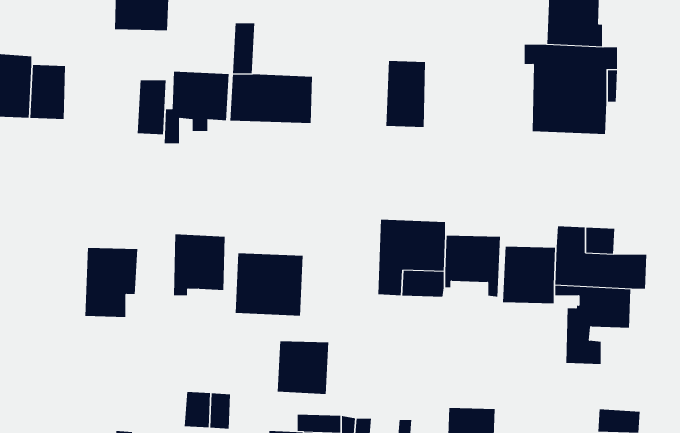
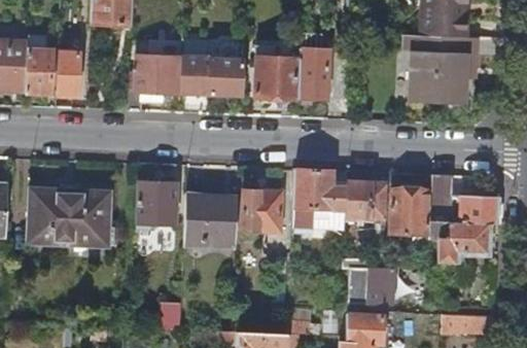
building: none -> [254,39,303,98]
building: [137,80,167,135] -> [58,54,80,96]
building: none -> [30,188,71,243]
building: [277,341,329,395] -> [242,189,282,231]
building: none -> [349,267,394,304]

